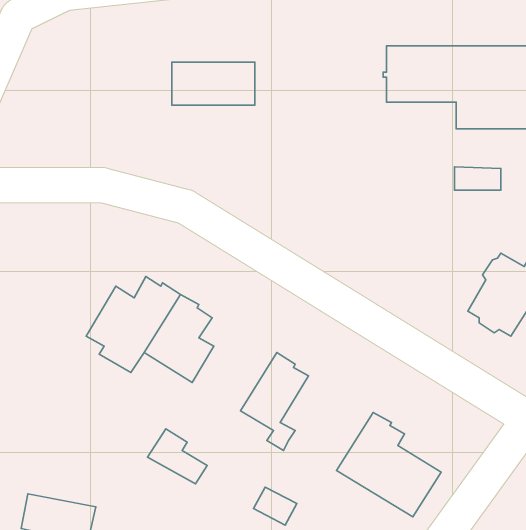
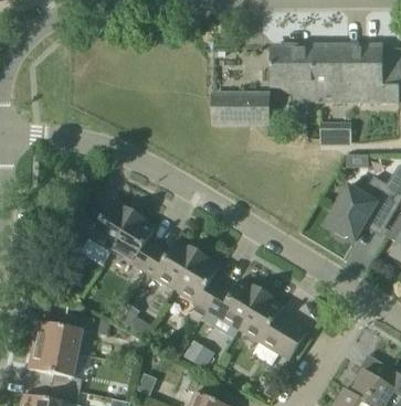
building: [172,62,255,105] -> [213,94,268,122]
building: none -> [143,239,199,289]
building: none -> [207,278,263,329]
building: none -> [33,312,94,353]

